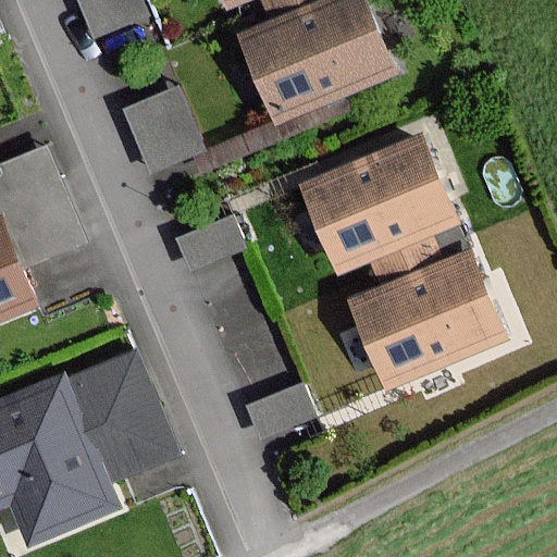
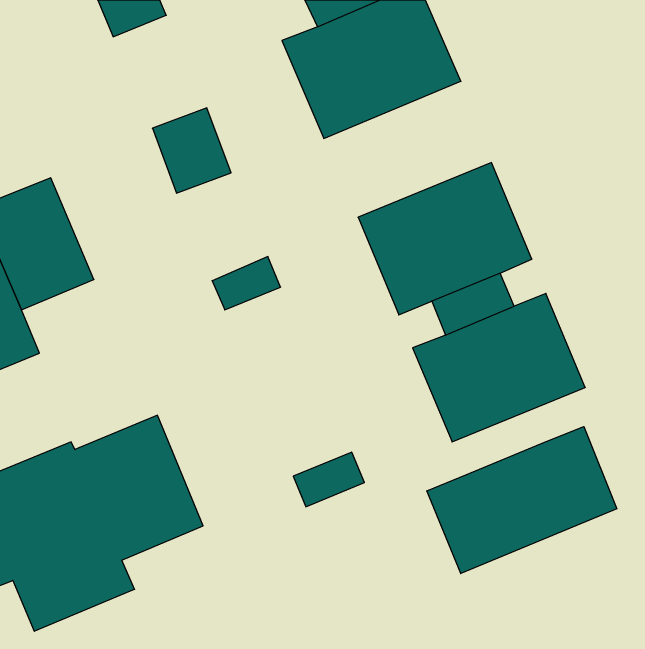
building: none -> [427,427,617,574]

